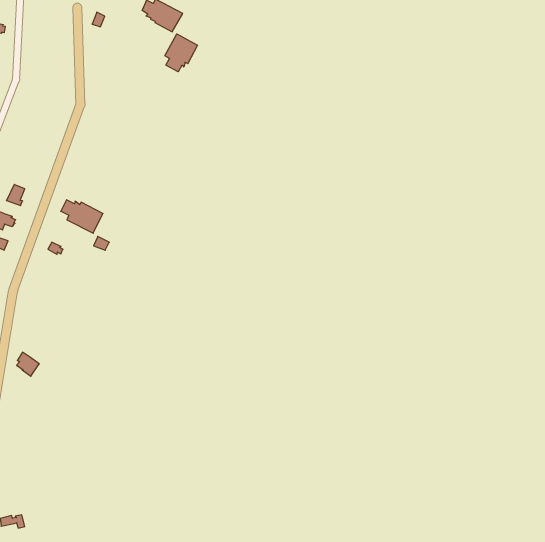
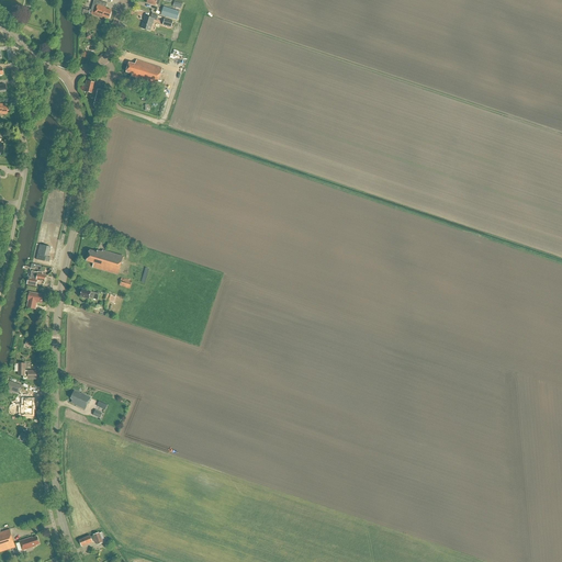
building: [165,34,197,72] -> none

